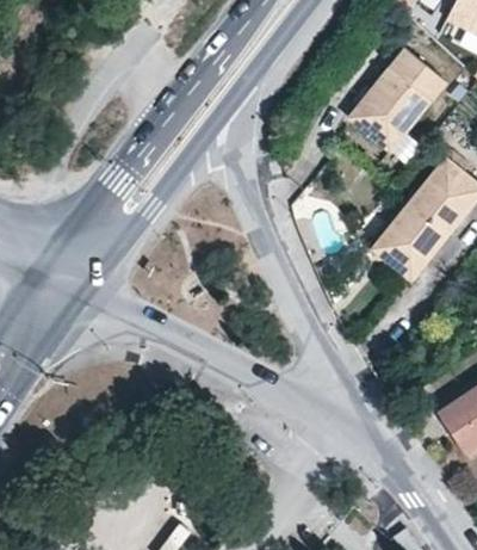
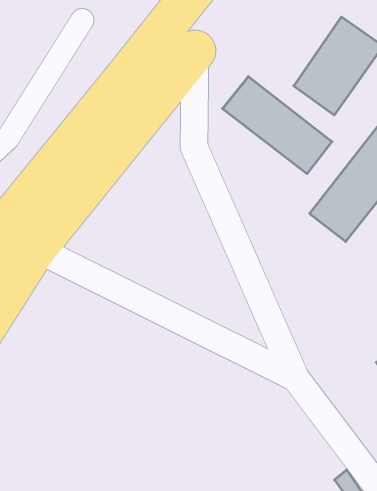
building: none -> [222,76,332,174]

